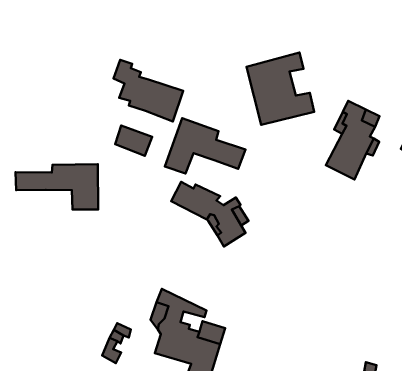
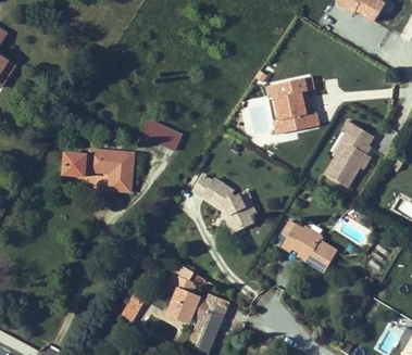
building: [114,60,183,121] -> none
building: [165,118,245,174] -> none
building: none -> [277,217,338,272]

